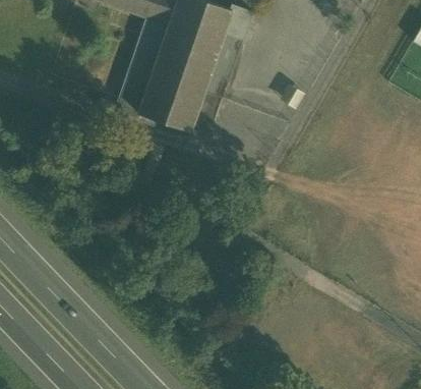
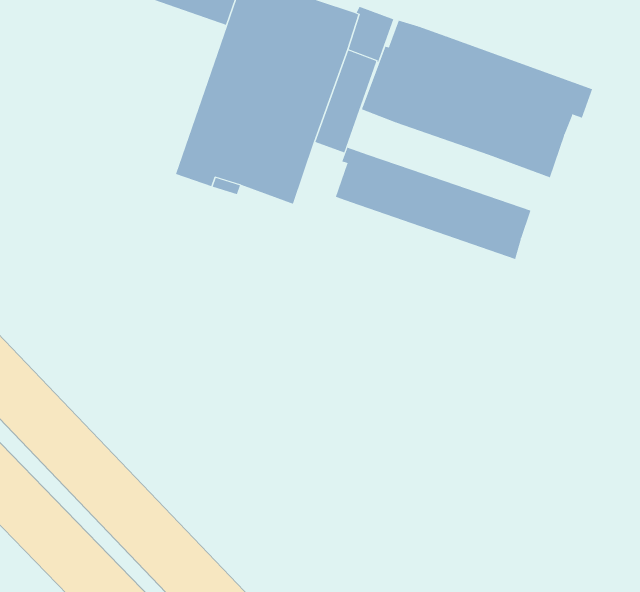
building: none -> [362,20,593,178]
building: none -> [335,147,531,260]

